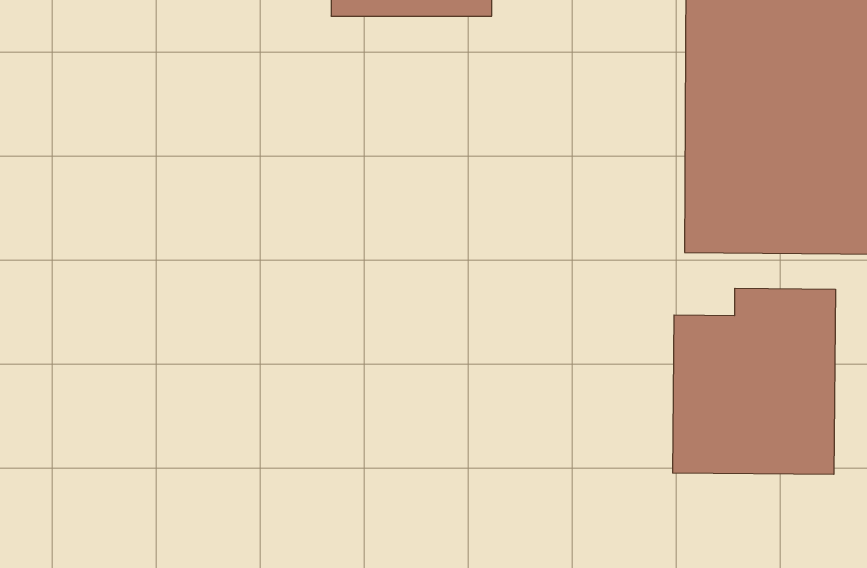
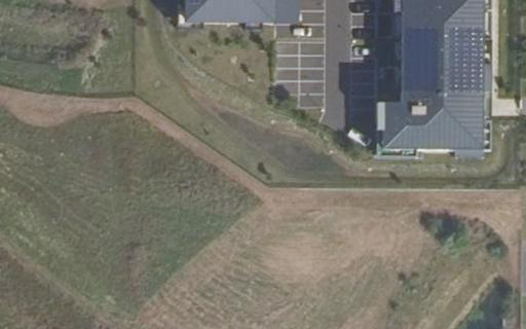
building: [673,288,835,474] -> none

